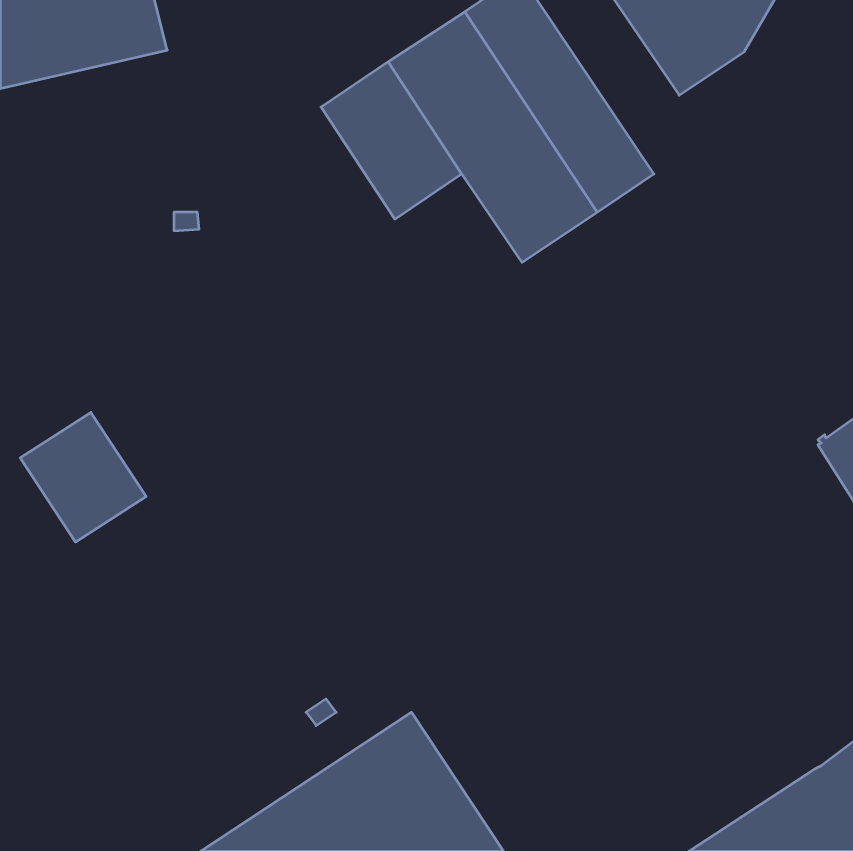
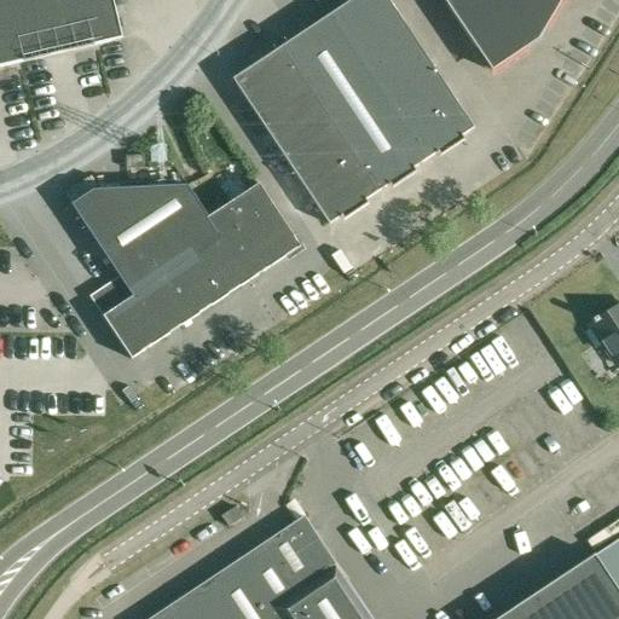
building: none -> [287,126,378,222]
building: none -> [71,183,301,357]
building: [20,412,146,542] -> none

